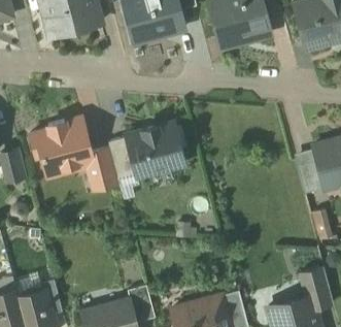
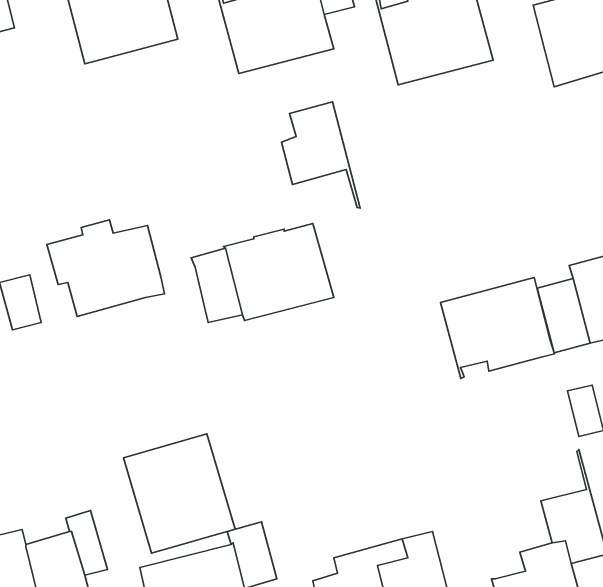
building: none -> [281,102,360,208]
building: [83,146,120,190] -> none
building: none -> [441,278,554,379]
building: none -> [124,434,235,553]

